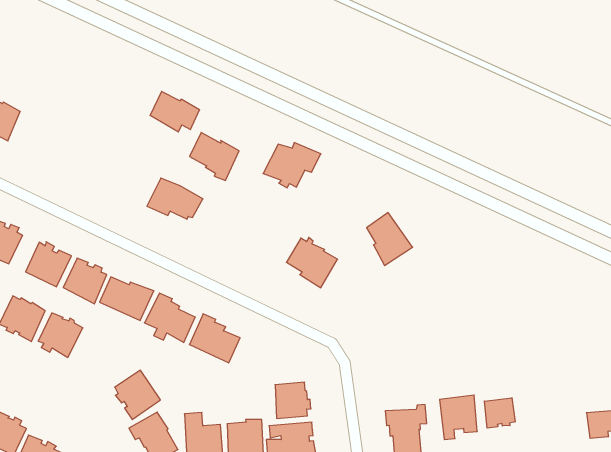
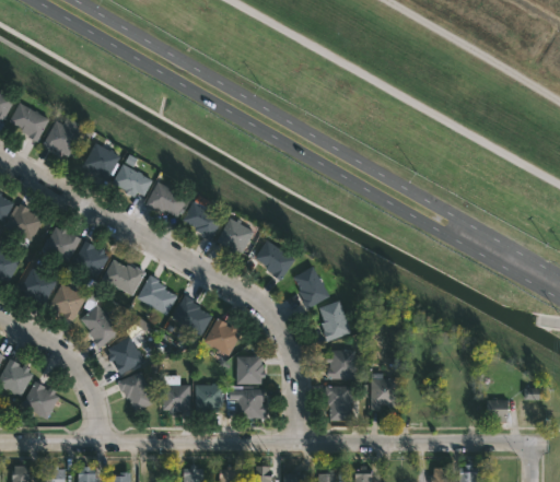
building: [150,91,200,132] -> [113,164,153,198]
building: none -> [43,117,85,157]
building: [190,133,239,180] -> [183,201,223,242]
building: none -> [82,142,120,181]
building: [263,143,321,188] -> [217,219,265,255]
building: [367,213,413,266] -> [294,267,330,309]
building: none -> [318,301,351,342]
building: none -> [80,305,119,349]
building: none -> [203,318,241,356]
building: none -> [326,351,354,380]
building: [484,398,515,428] -> none

